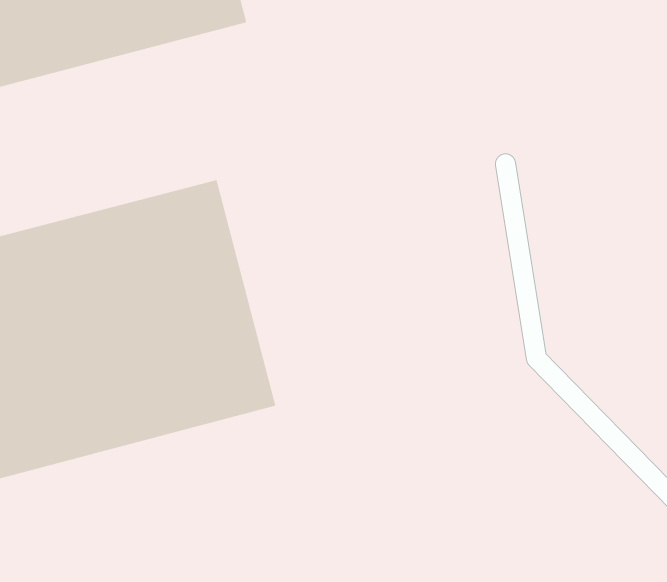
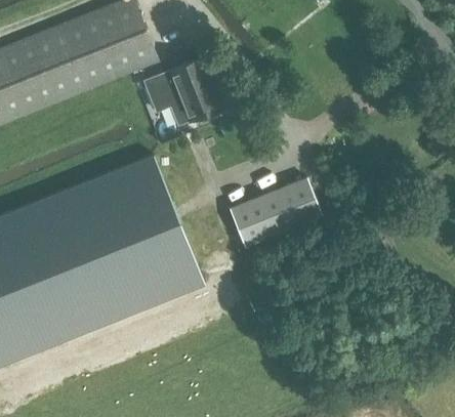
building: none -> [143,58,221,125]
building: none -> [230,178,322,247]

